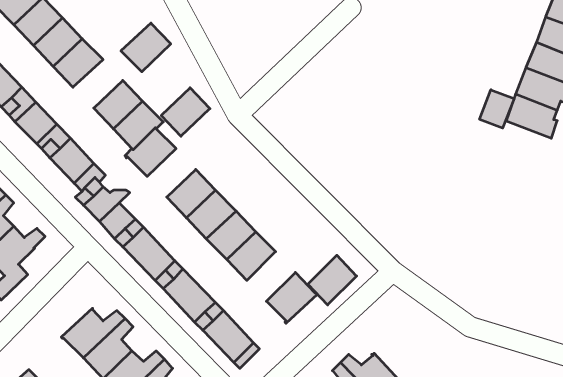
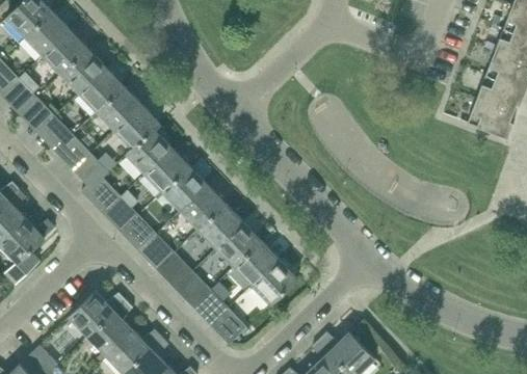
building: [121,23,171,72] -> [79,69,124,112]
building: [161,88,210,136] -> [146,149,189,192]
building: [480,90,514,128] -> none
building: [308,255,357,305] -> [235,241,279,286]

